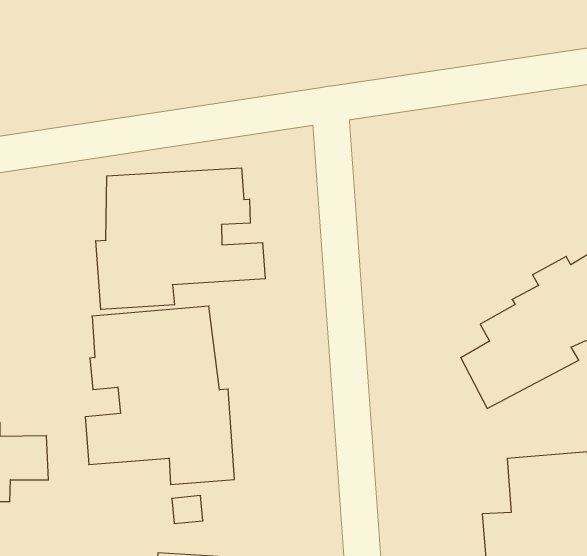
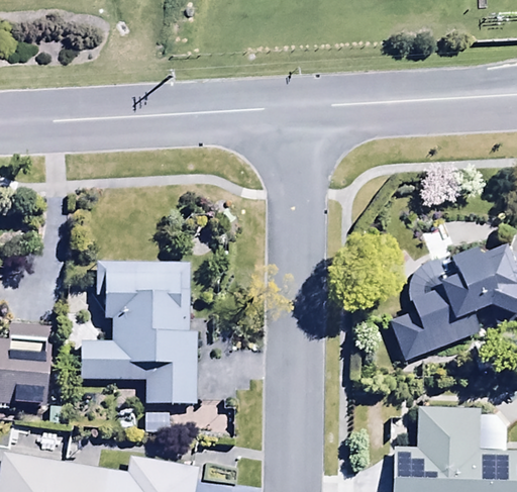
building: [96,168,265,310] -> none

